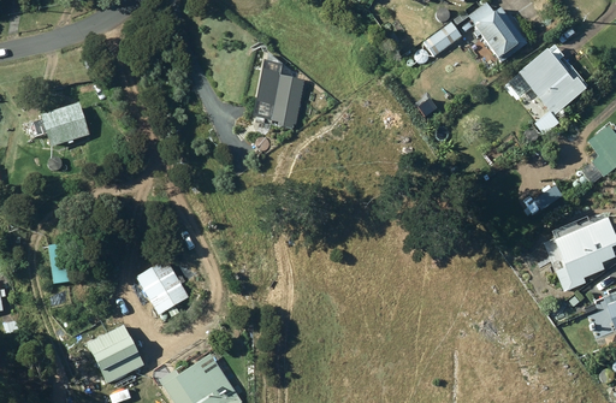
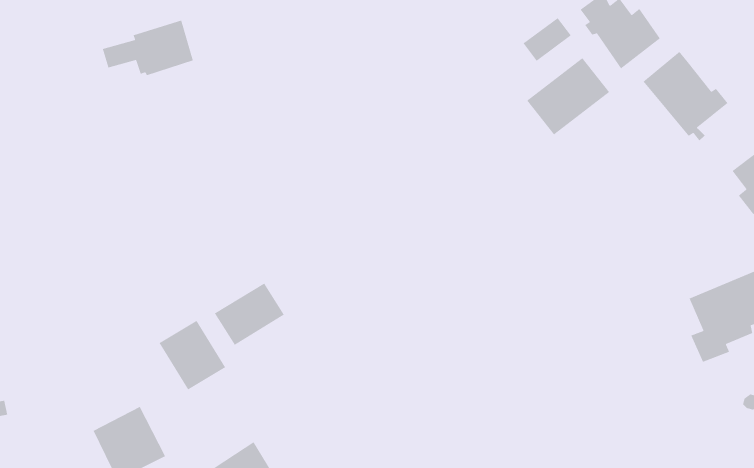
building: none -> [526,57,610,136]
building: [251,70,304,126] -> none
building: [19,101,91,146] -> [102,19,194,76]
building: none -> [214,282,285,346]

